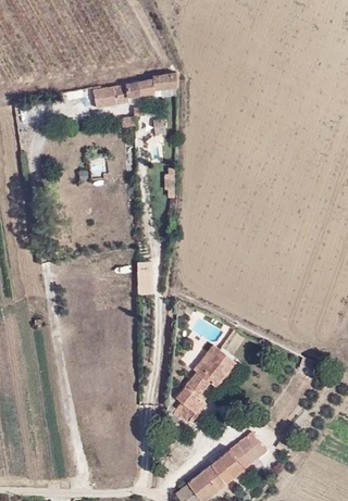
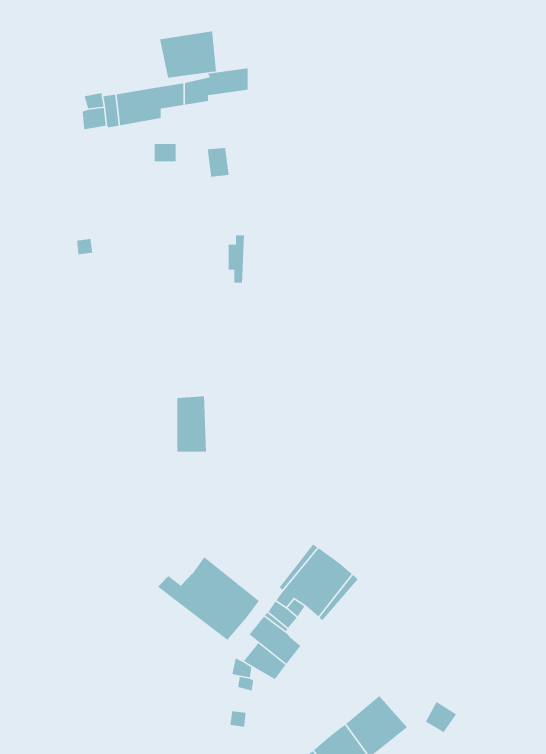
building: none -> [159,30,217,78]
building: none -> [157,556,260,641]

